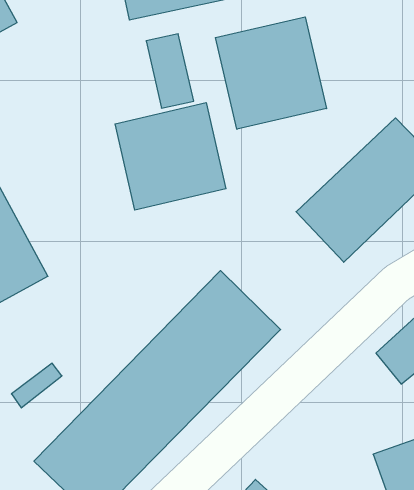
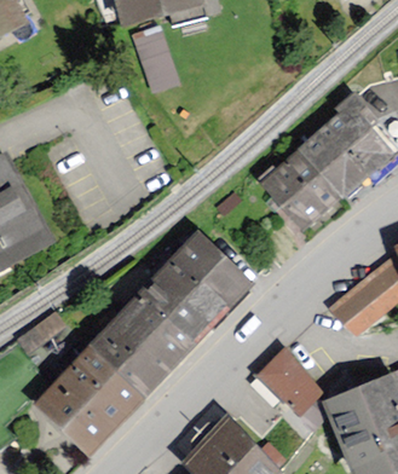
building: [215,17,327,129] -> none
building: [115,103,226,210] -> none
building: none -> [253,349,316,418]

